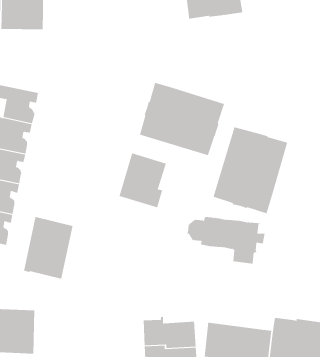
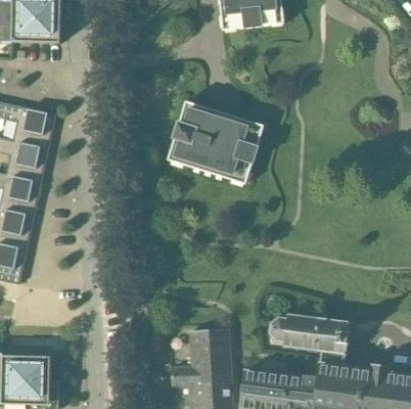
building: [213,126,288,214] -> none
building: [119,152,166,208] -> none
building: [186,216,265,264] -> [267,313,356,367]
building: [23,216,73,279] -> none
building: none -> [188,328,229,370]

